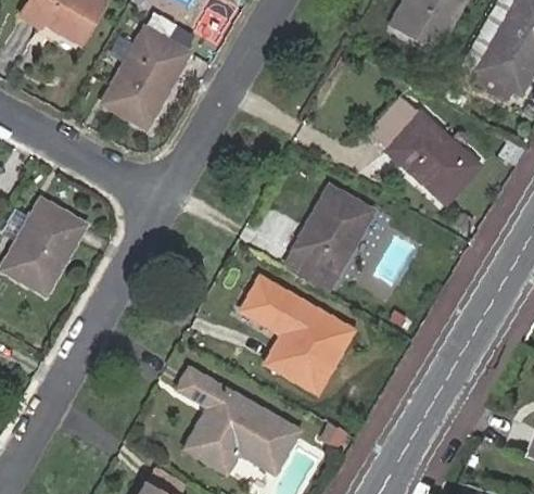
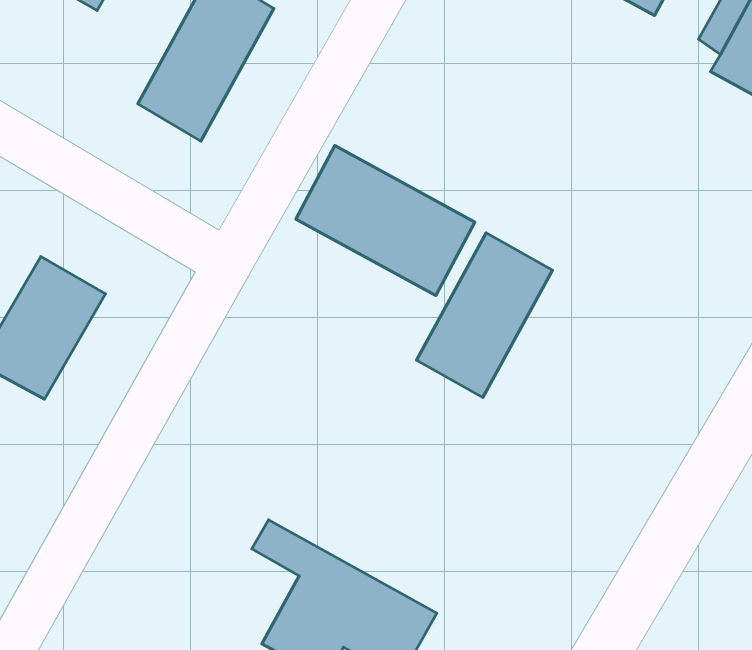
building: [373,100,476,200] -> none
building: none -> [296,146,475,296]
building: [244,279,351,392] -> none

